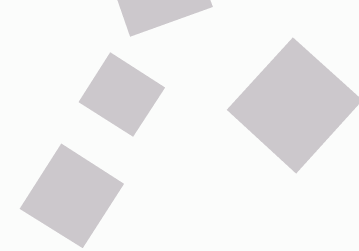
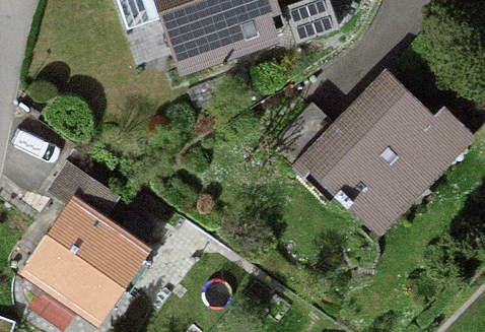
building: [78,51,166,138] -> none

